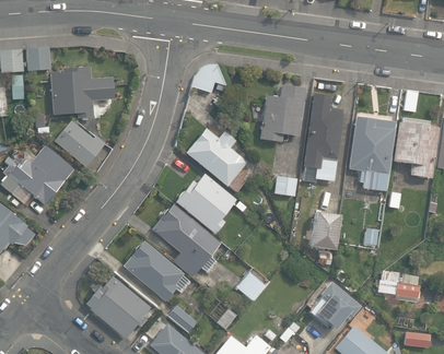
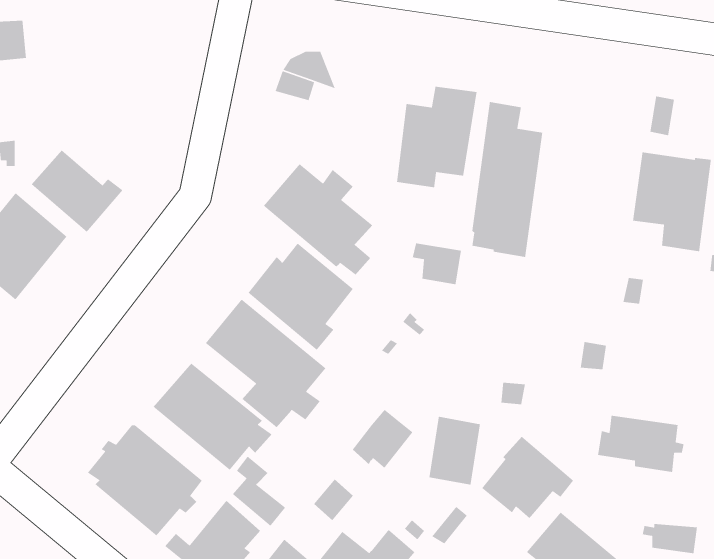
building: [51,67,115,118] -> none
building: [348,116,396,191] -> none
building: [311,211,340,250] -> [429,416,481,486]

